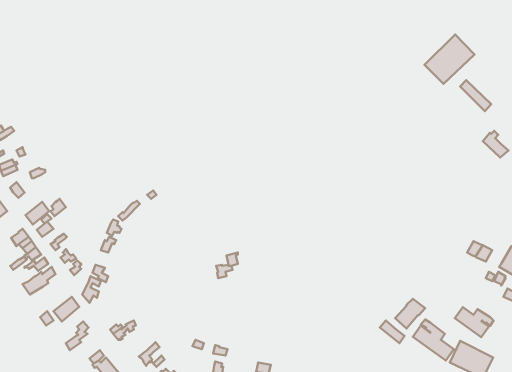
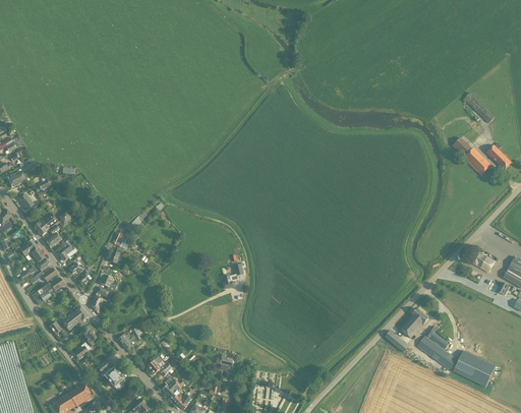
building: [425,34,474,84] -> none
building: none -> [451,137,490,175]
building: [455,307,494,337] -> none

